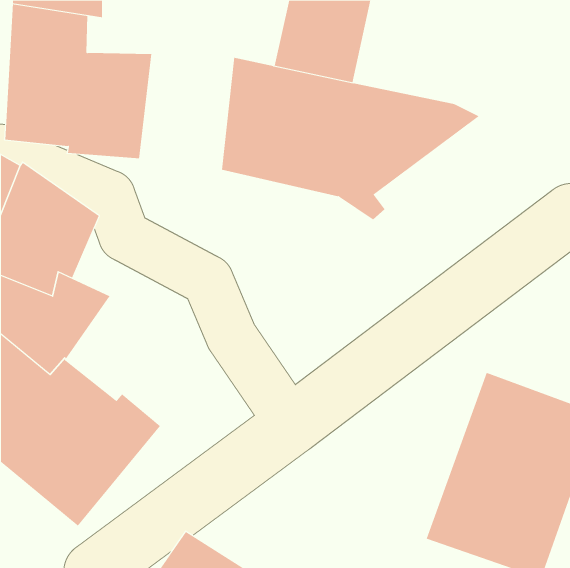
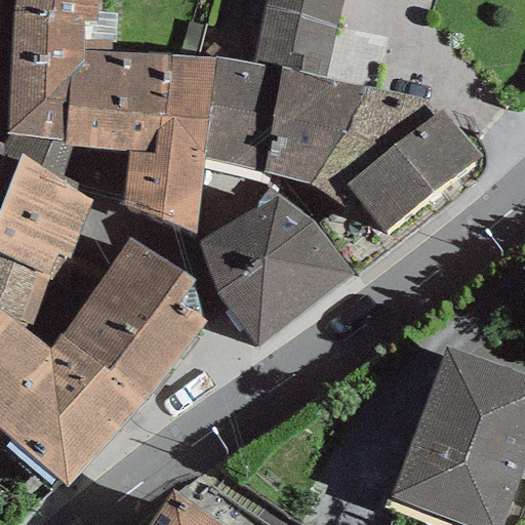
building: none -> [122,52,215,233]
building: none -> [345,110,482,232]
building: none -> [198,193,352,347]
building: none -> [62,239,206,394]

